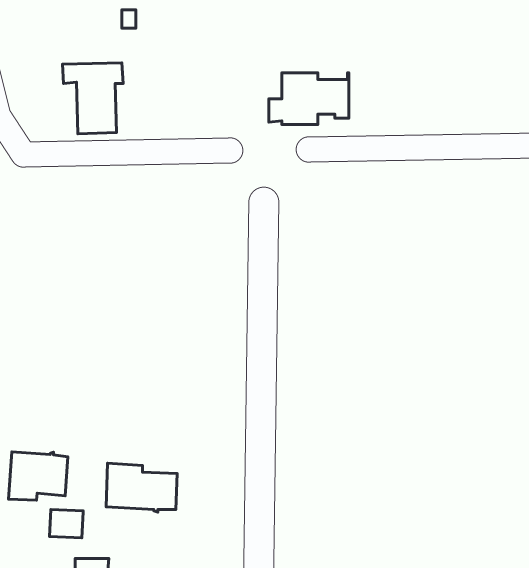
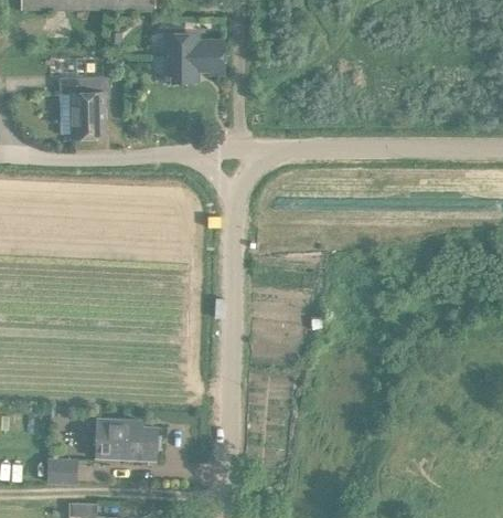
building: [269,73,349,125] -> [154,35,223,80]
building: [8,452,68,500] -> none

